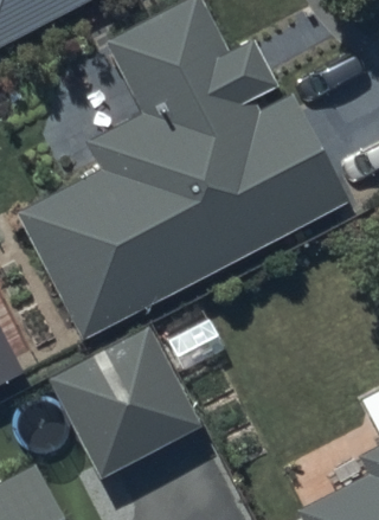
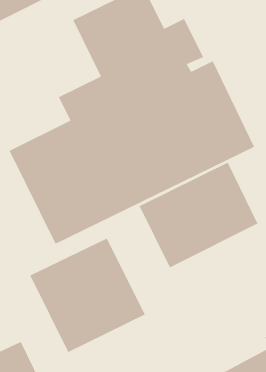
building: none -> [138,161,259,269]

